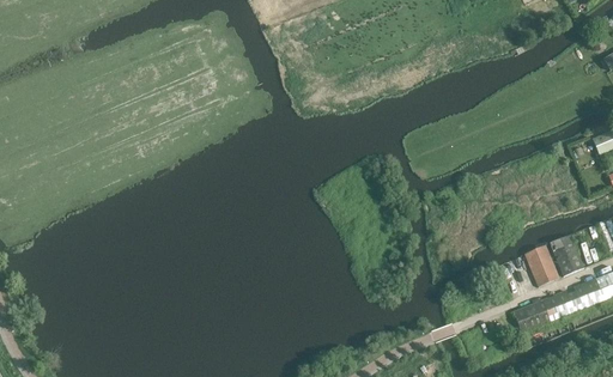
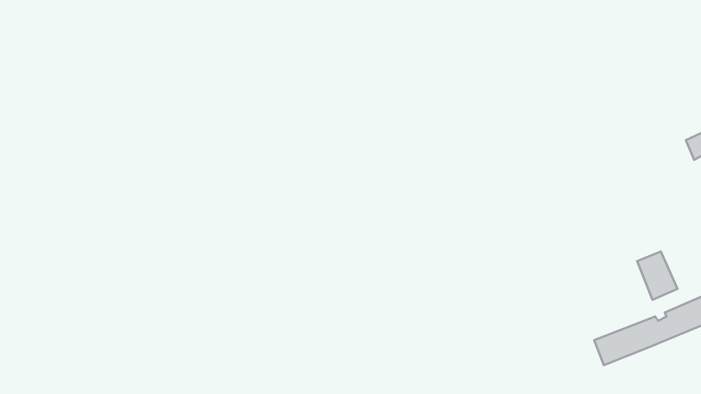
building: [524,243,559,286] -> none

